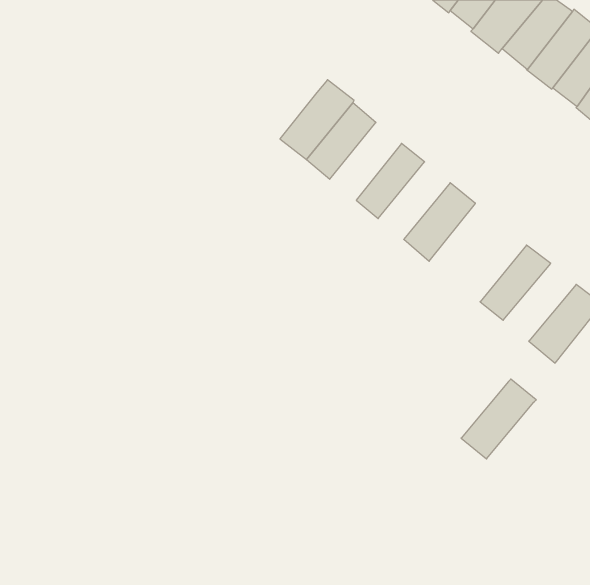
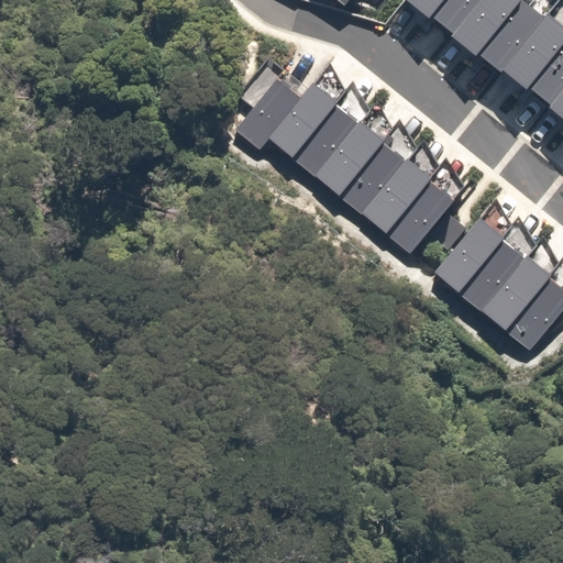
building: none -> [233,74,302,148]
building: none -> [314,120,385,196]
building: none -> [361,157,431,233]
building: none -> [432,216,504,292]
building: [461,379,536,459] -> [479,254,551,330]

